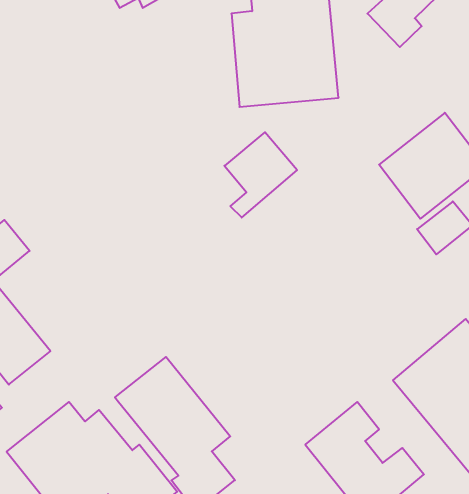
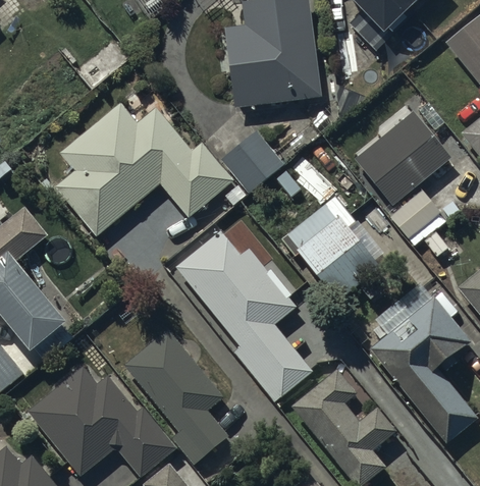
building: none -> [55,102,234,237]
building: none -> [288,202,381,303]
building: none -> [176,231,312,401]

